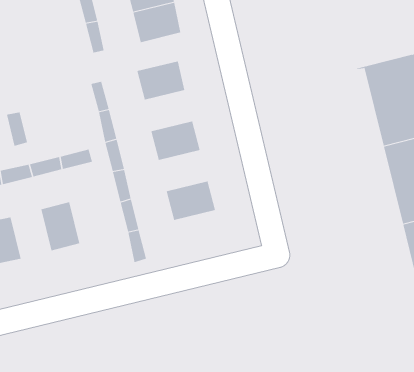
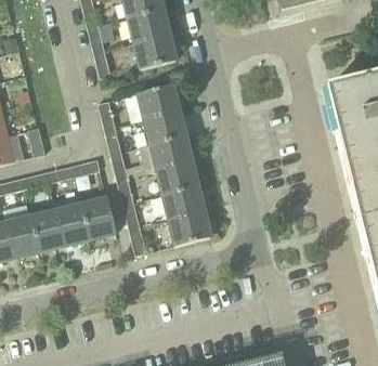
building: none -> [144,108,185,143]
building: none -> [156,159,198,194]
building: none -> [81,197,116,238]
building: none -> [31,209,65,251]
building: none -> [169,210,211,245]

